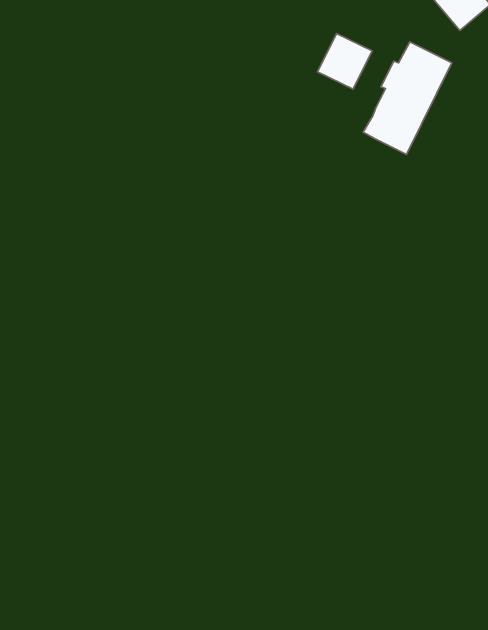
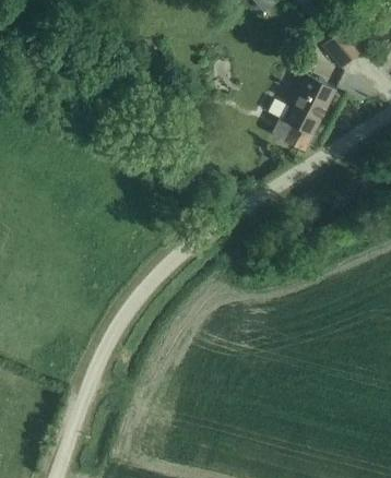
building: [318,33,372,89] -> none

